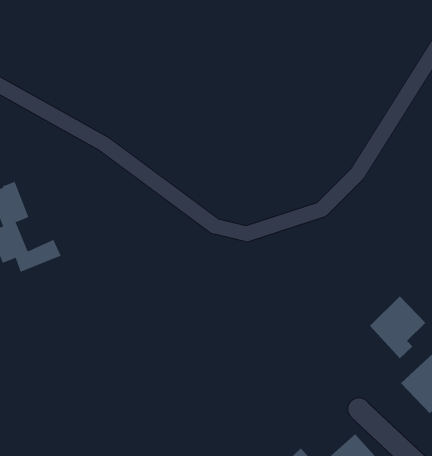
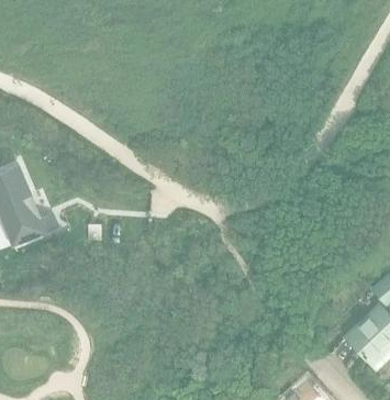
building: [369,296,426,359] -> none

